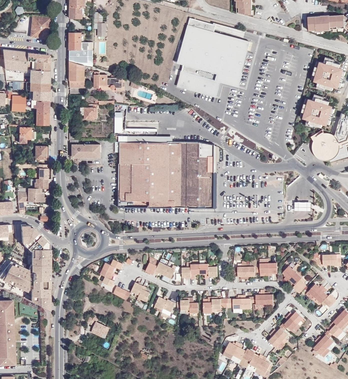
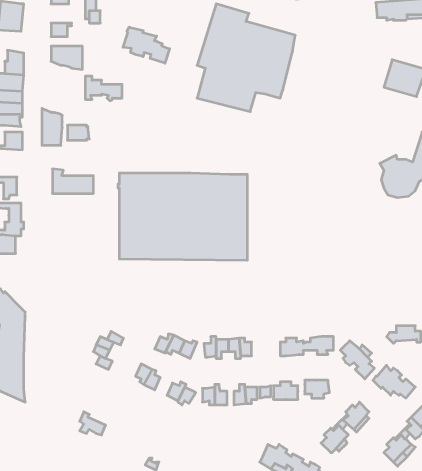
building: none -> [123,27,170,63]
building: [70,60,85,87] -> [42,108,62,145]
building: [303,97,334,123] -> none

